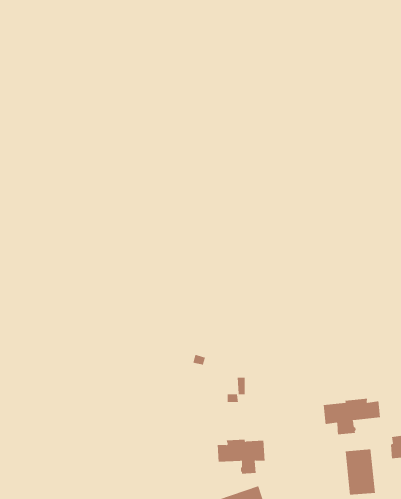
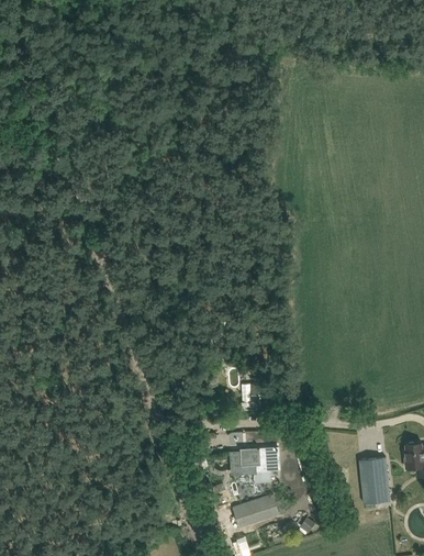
building: [323,398,380,435] -> none

